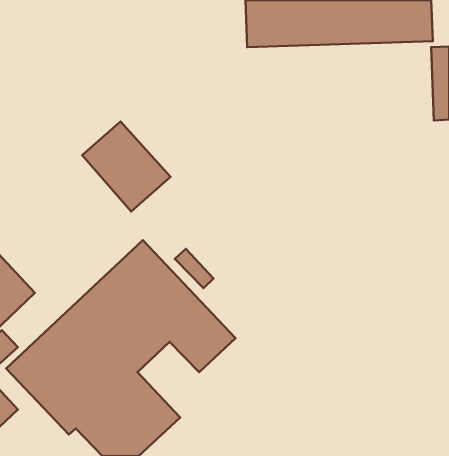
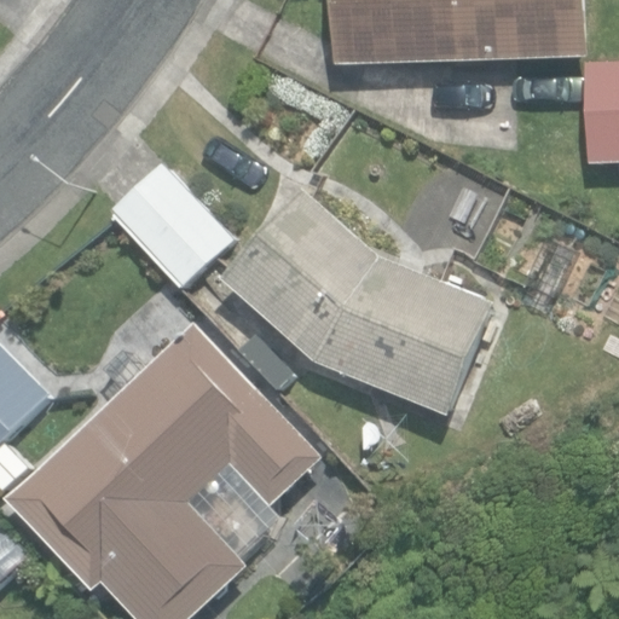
building: none -> [222,190,493,415]

